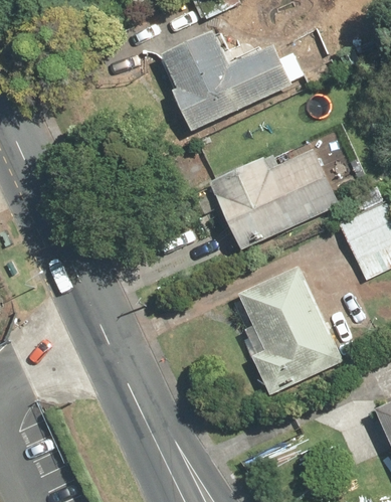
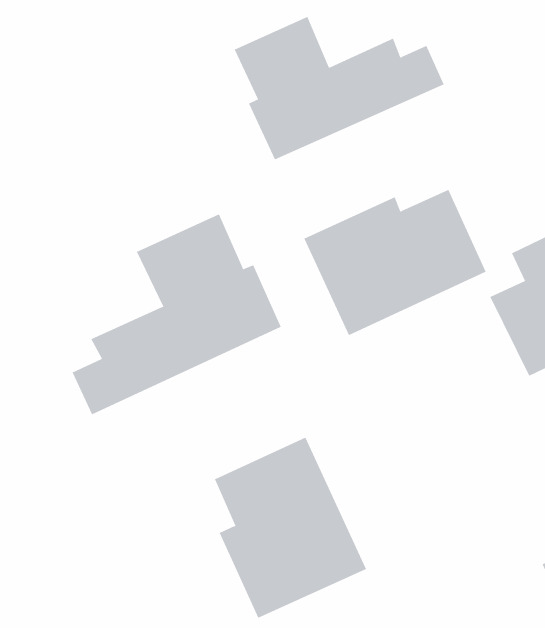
building: none -> [72,213,281,415]
building: [237,266,343,391] -> [214,437,367,619]

